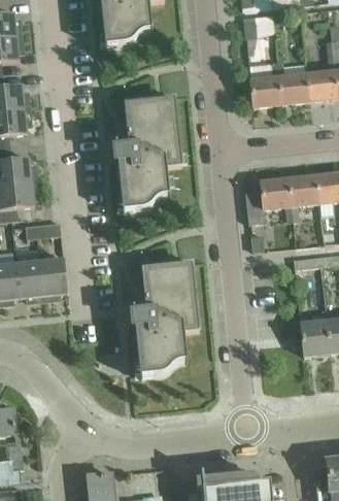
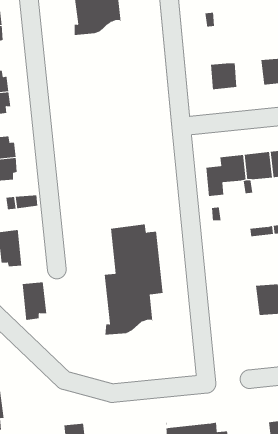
building: [271,62,309,103] -> none
building: [115,89,181,211] -> none
building: [39,258,67,300] -> [22,282,47,320]

